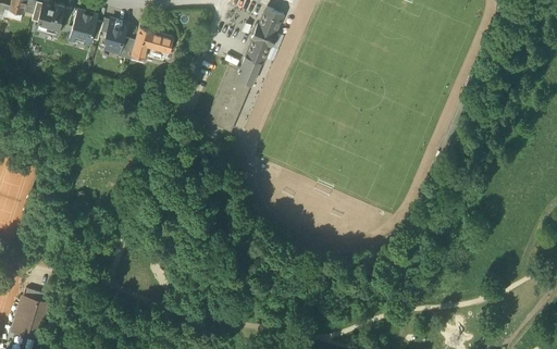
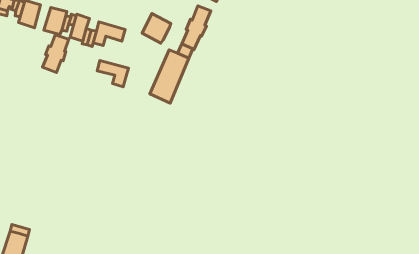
building: none -> [142,13,171,43]
building: none -> [43,35,69,72]
building: none -> [97,60,128,87]

